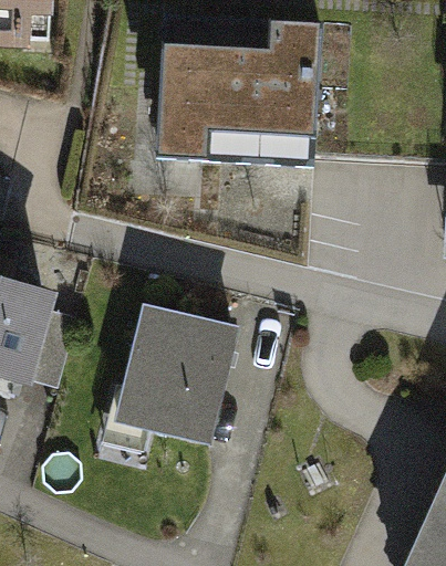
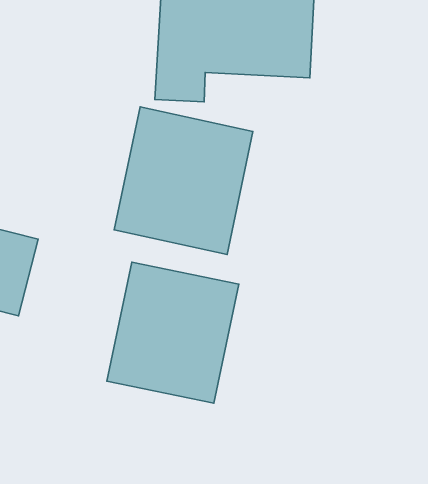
building: none -> [114,107,253,254]

